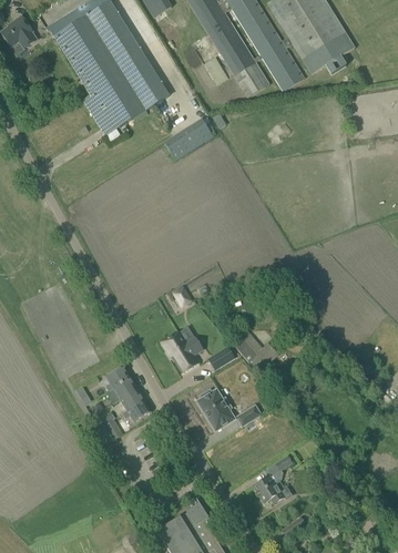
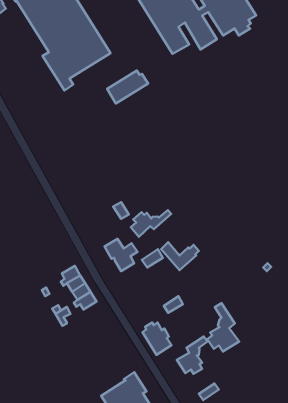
building: none -> [131,210,171,237]
building: [197,389,234,430] -> [143,322,171,355]
building: none -> [207,303,239,352]

